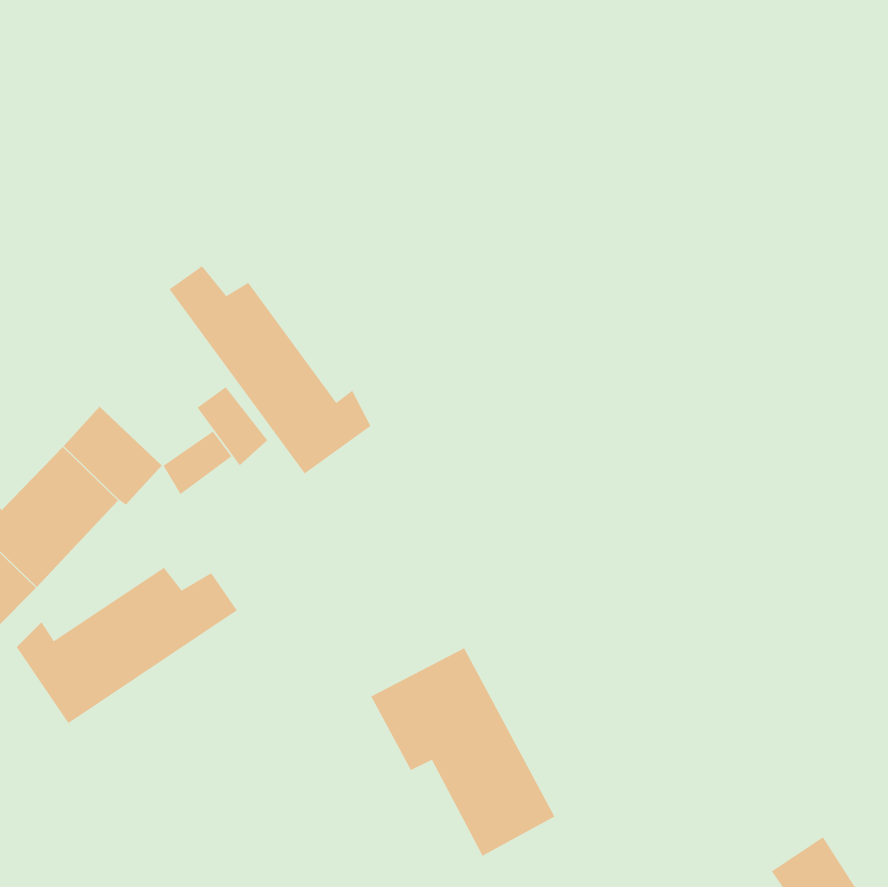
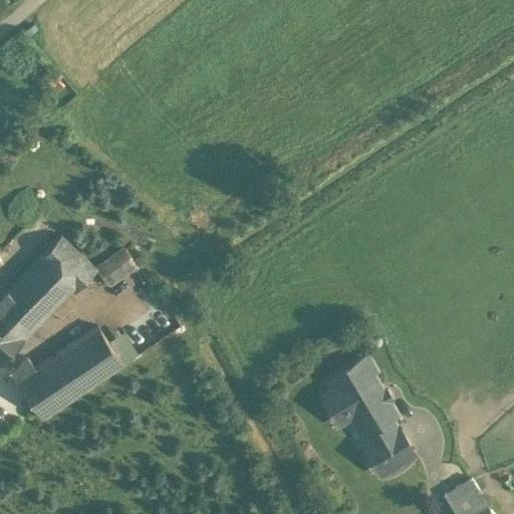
building: [169,265,372,475] -> none
building: [197,386,268,466] -> none
building: [370,647,556,857] -> [316,361,423,482]

